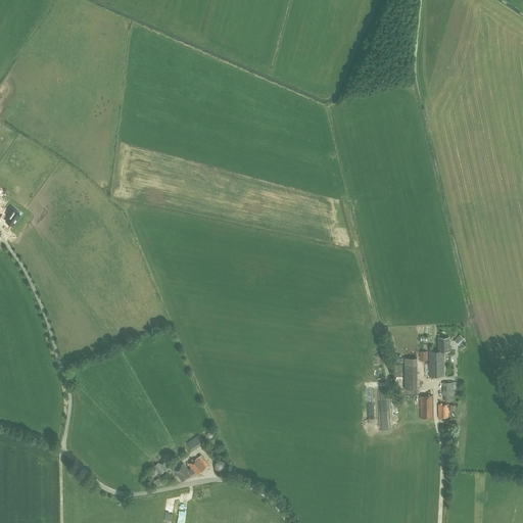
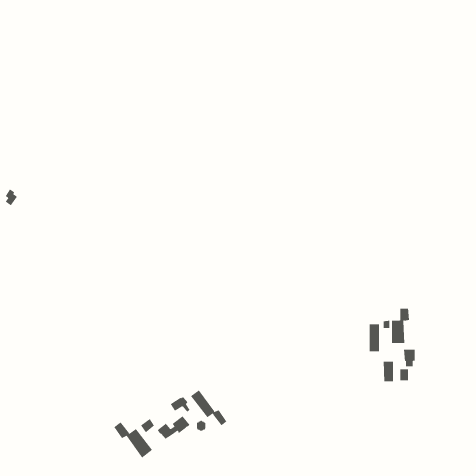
building: none -> [190,389,227,426]
building: none -> [114,421,153,458]

